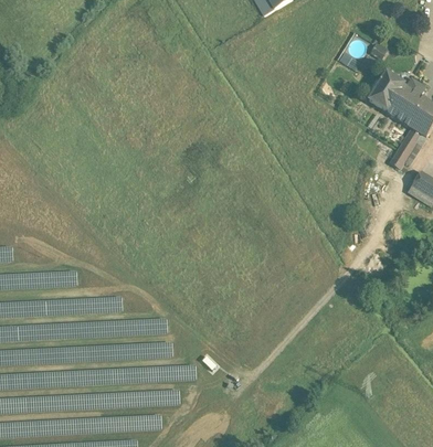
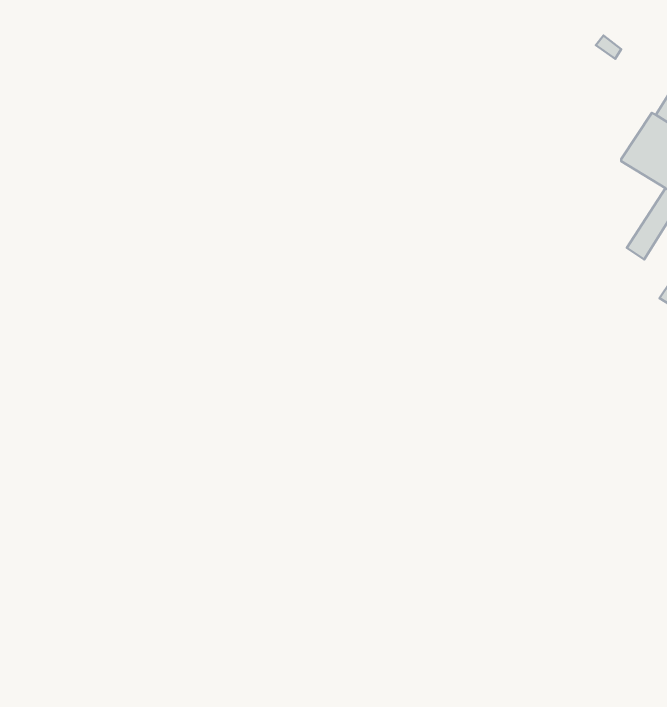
building: [368,73,403,111] -> none

